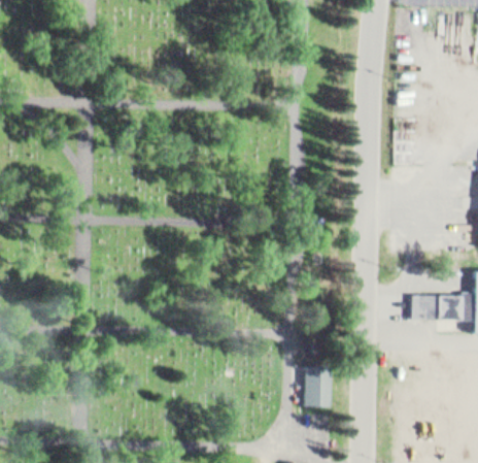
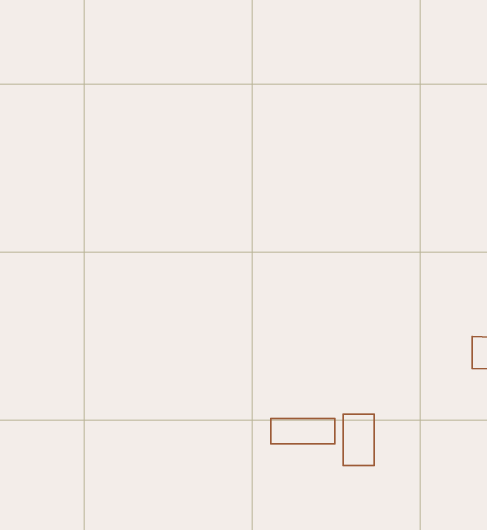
building: none -> [271,419,335,444]

